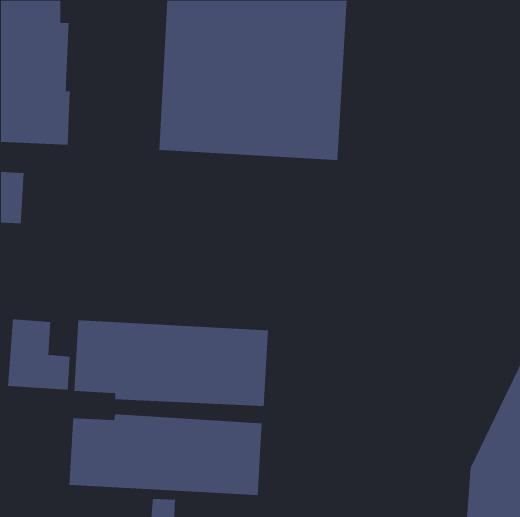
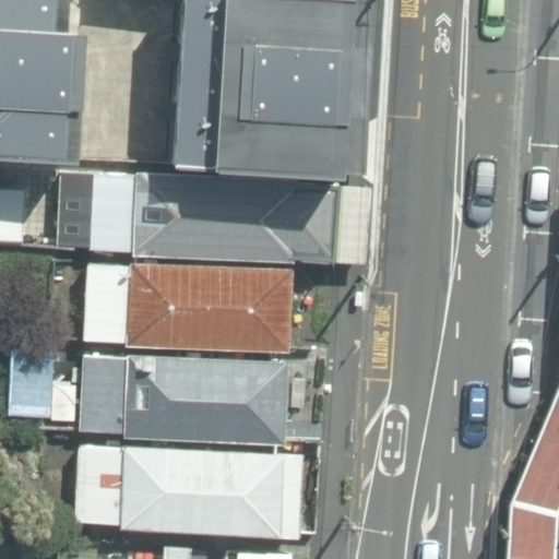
building: none -> [60,174,337,263]
building: none -> [86,265,293,352]

